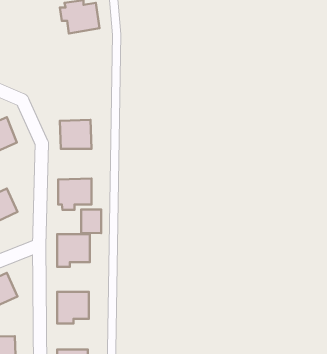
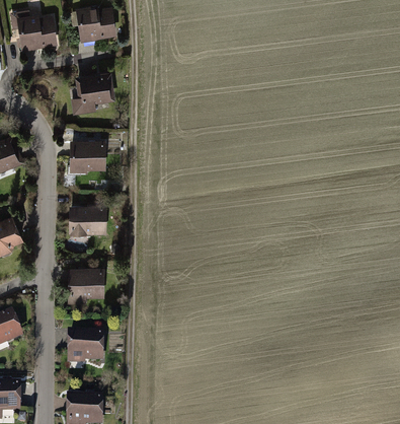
building: none -> [10,10,56,48]
building: none -> [70,71,115,117]
building: [81,209,101,233] -> none

